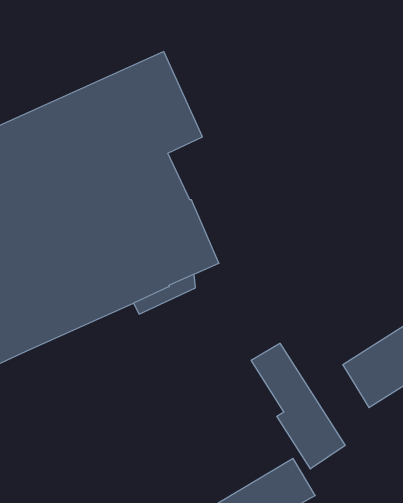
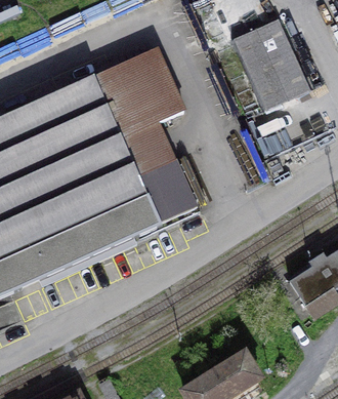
building: none -> [231,16,312,109]
building: [251,343,345,469] -> none

